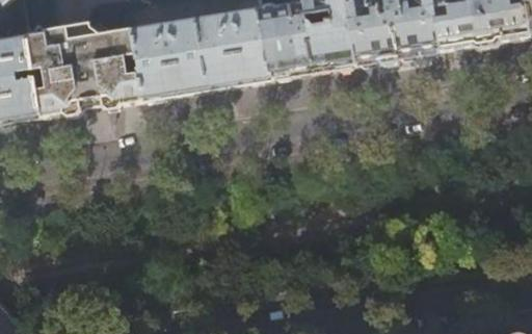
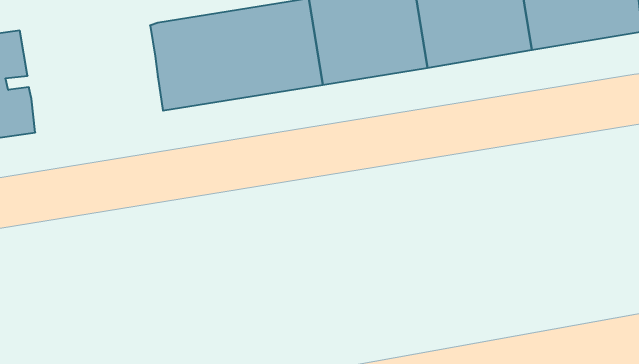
building: [31,22,147,114] -> none

